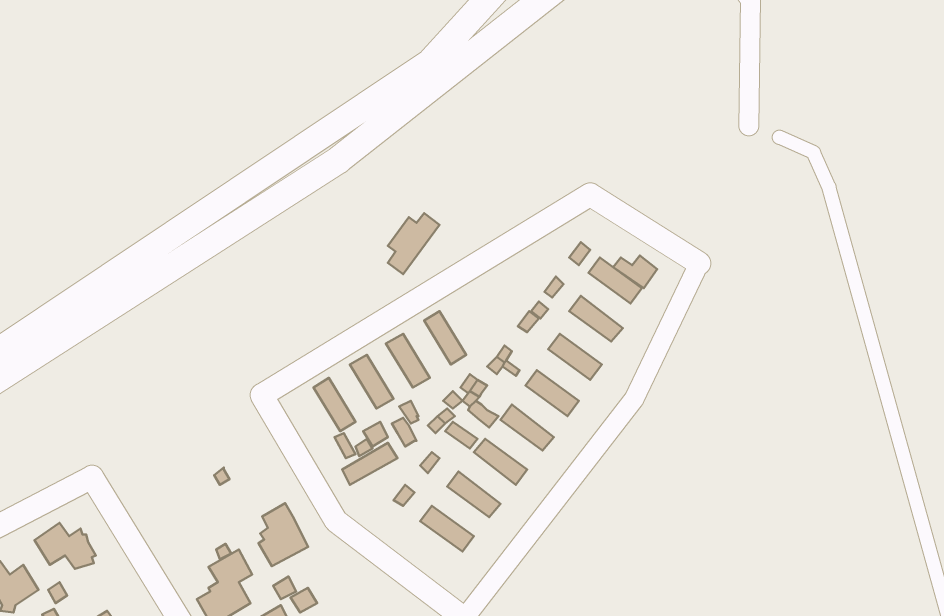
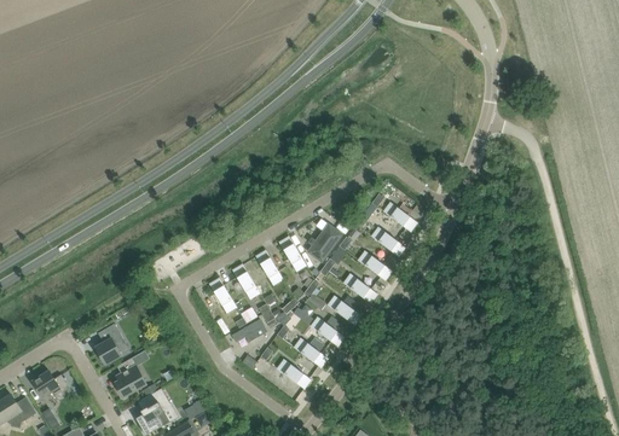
building: [388,213,439,274] -> [310,227,342,266]
building: none -> [97,324,125,365]
building: [258,503,308,566] -> [115,357,146,397]

